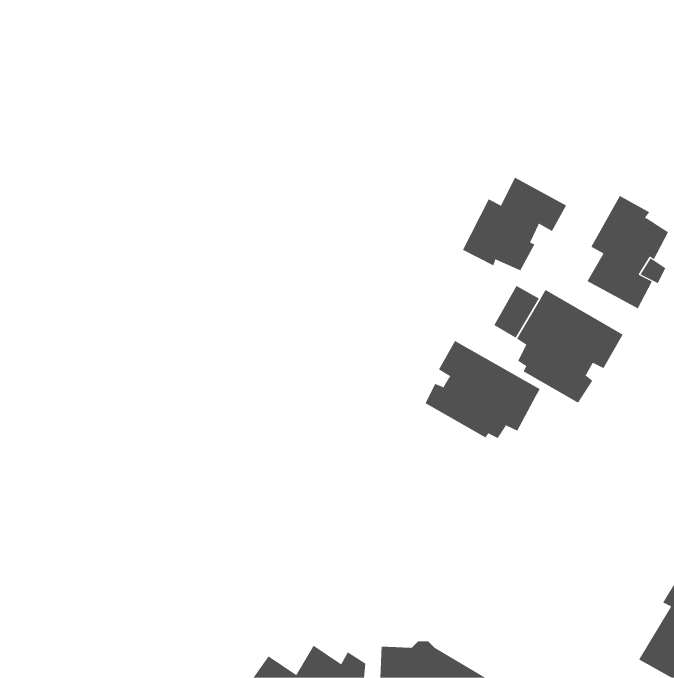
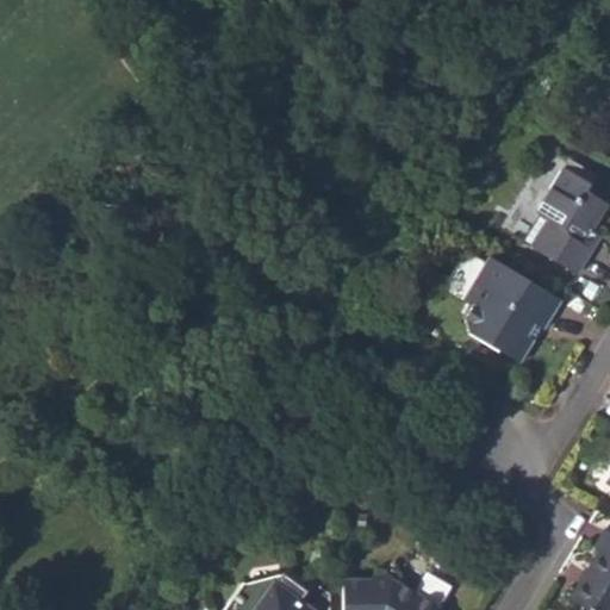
building: [462,177,567,271] -> none
building: [425,340,541,439] -> none

